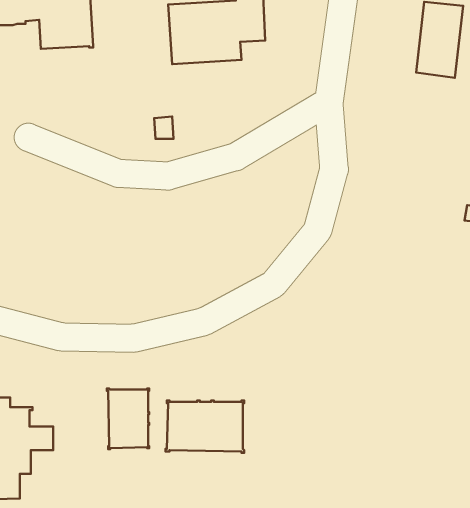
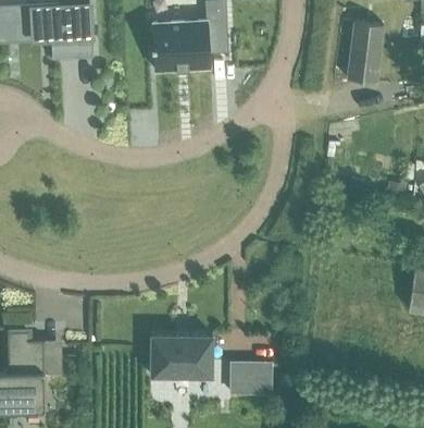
building: [107,389,149,449] -> none
building: none -> [230,363,271,393]

